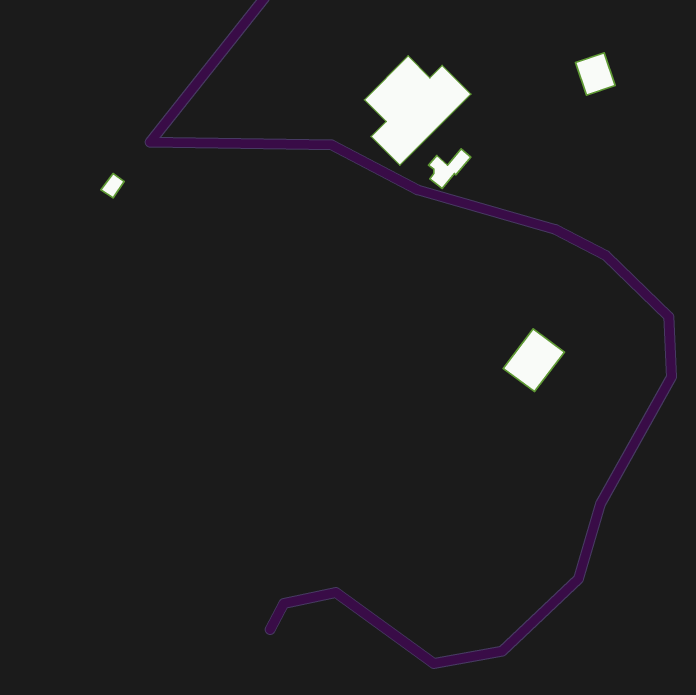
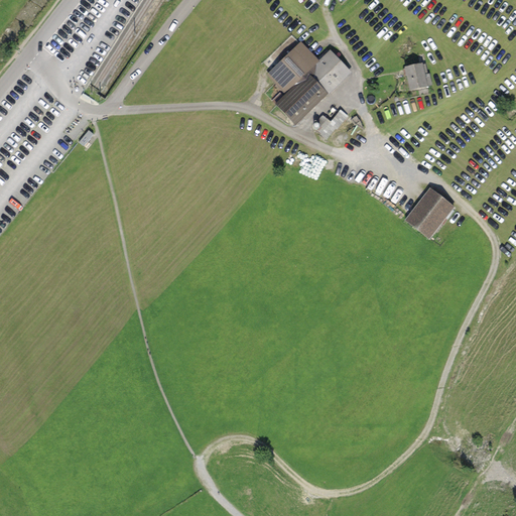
building: [576,53,615,95] -> [400,59,429,91]
building: [503,329,564,392] -> [404,191,449,238]

